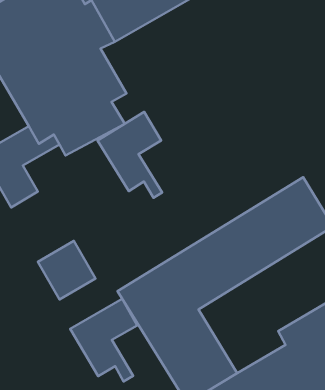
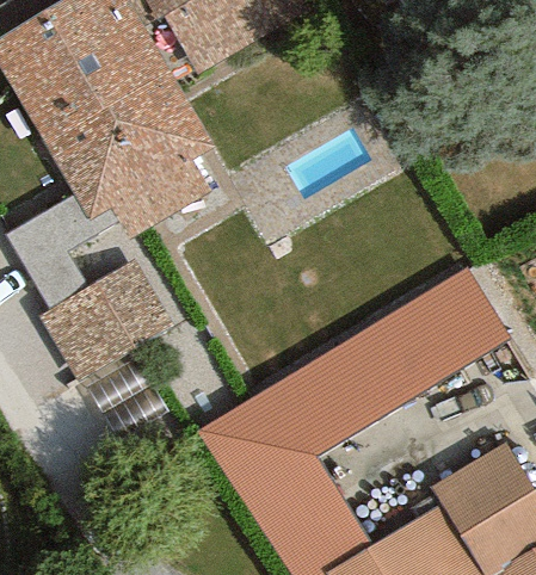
building: [97,112,162,198] -> none
building: none -> [38,259,172,379]
building: [70,299,137,381] -> none

